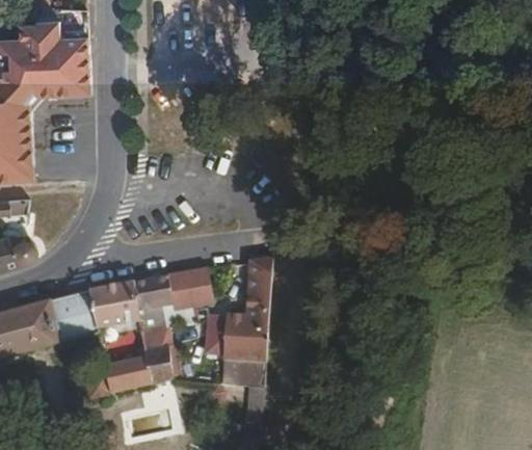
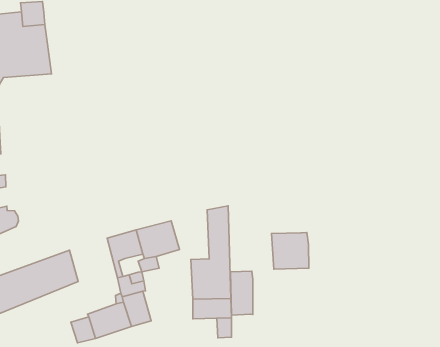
building: [88,282,138,327] -> none
building: none -> [272,233,309,269]
building: none -> [230,271,253,315]

